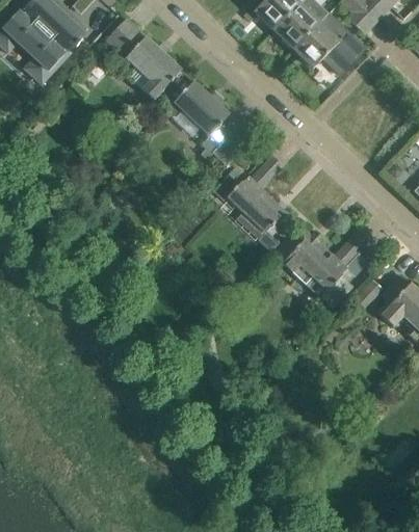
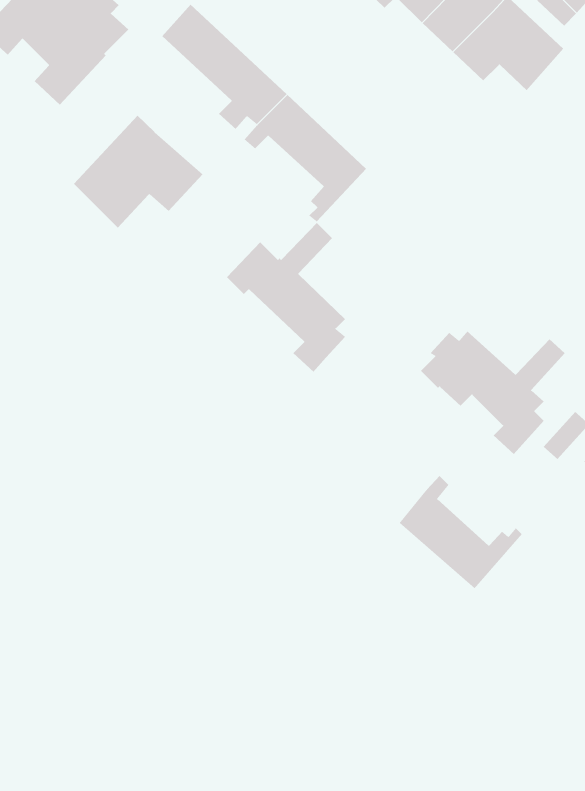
building: none -> [73,115,203,228]
building: [214,155,291,251] -> [226,222,346,372]
building: none -> [399,475,522,589]

